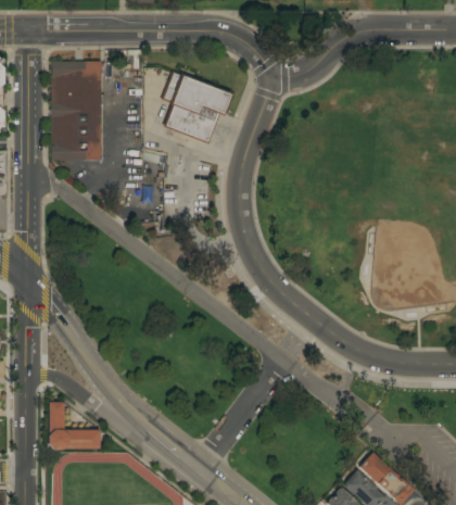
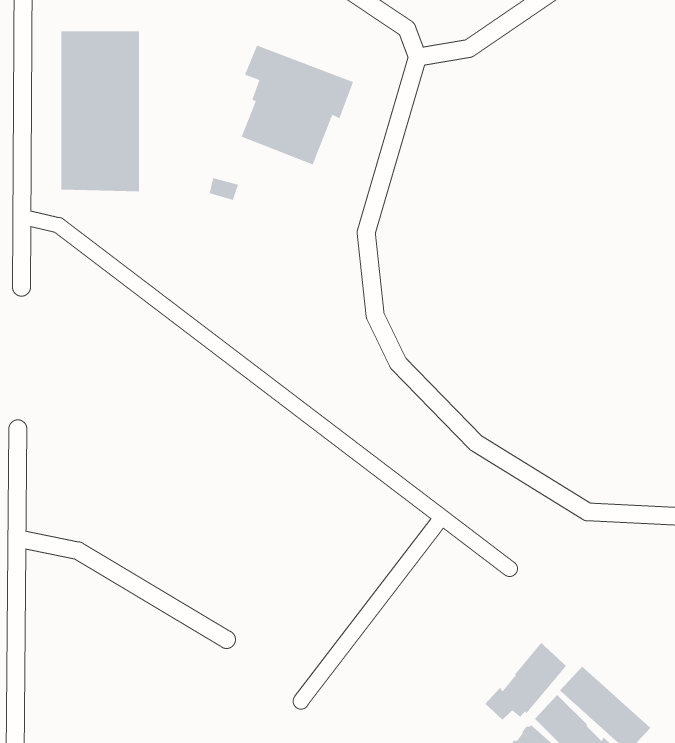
building: [48,402,100,451] -> none
building: none -> [485,642,567,721]

